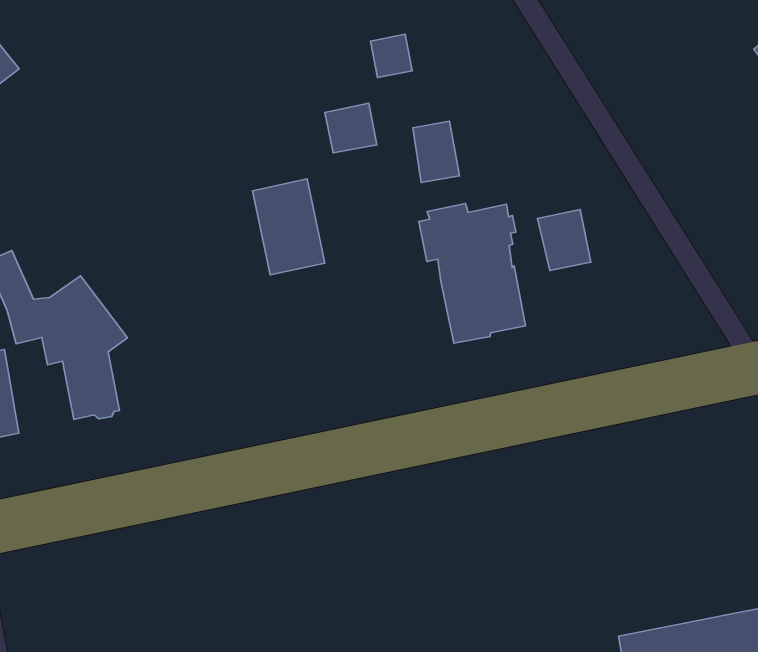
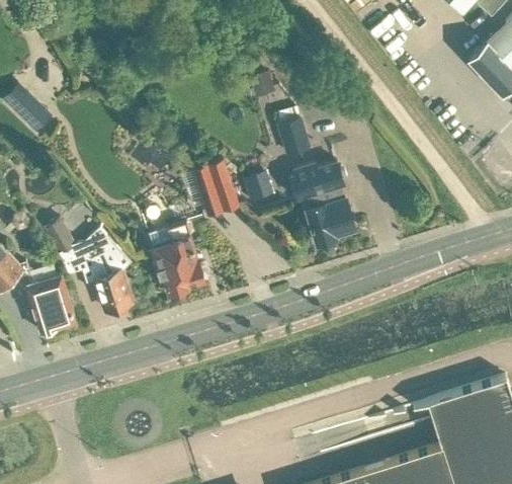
building: [325,103,377,153] -> [245,171,276,201]
building: [537,210,591,270] -> none
building: none -> [148,224,204,297]

